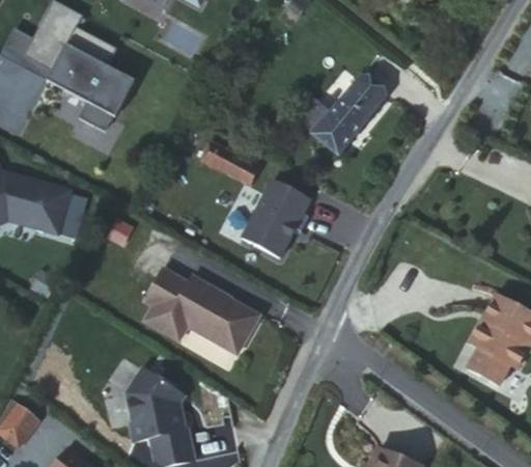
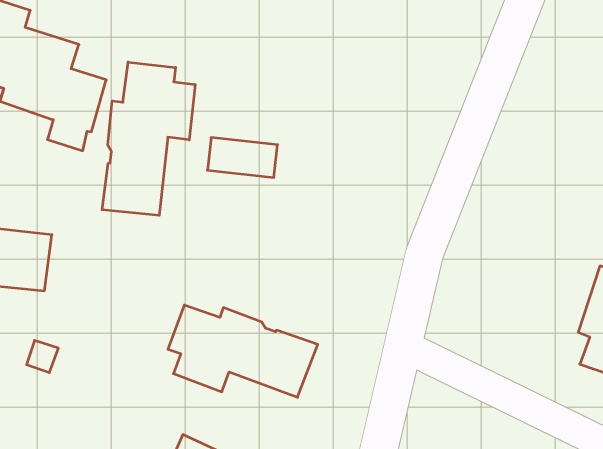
building: none -> [102,62,195,215]
building: [300,78,384,154] -> none
building: [243,177,311,258] -> none

